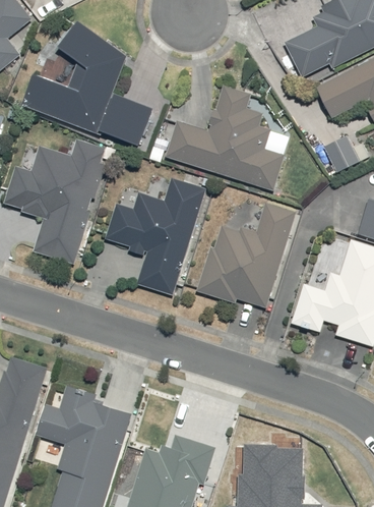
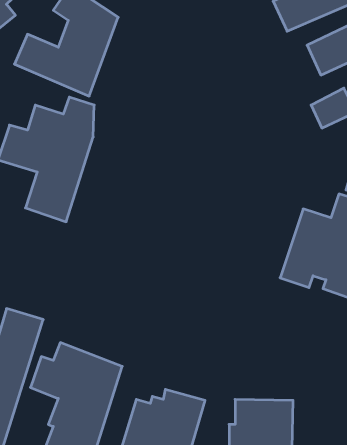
building: [166,88,289,192] -> none
building: [103,97,151,145] -> none
building: [104,179,208,293] -> none
building: [196,202,297,308] -> none

